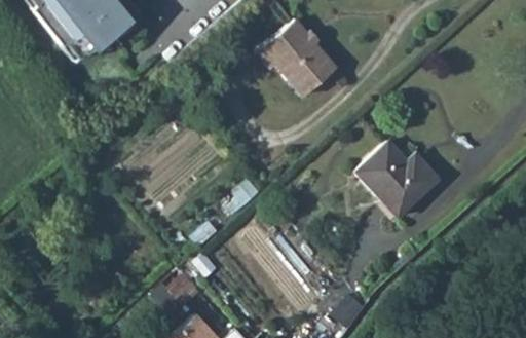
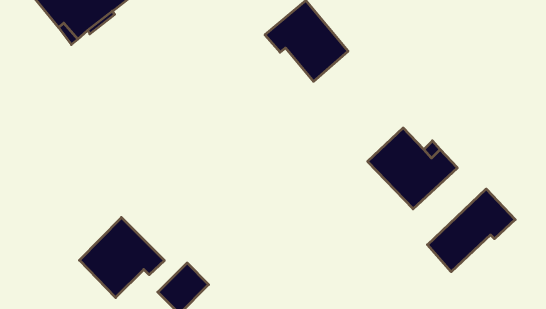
building: none -> [427,189,515,272]
building: none -> [79,217,164,298]

